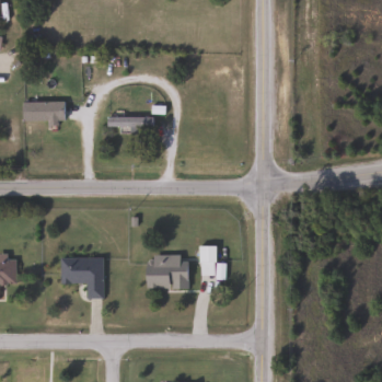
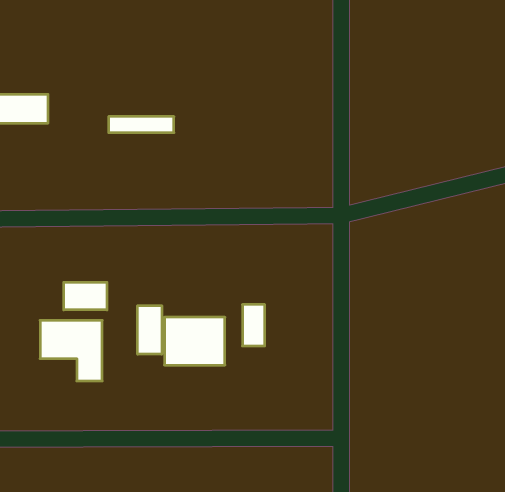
building: none -> [64,282,107,310]
building: none -> [138,306,162,354]

